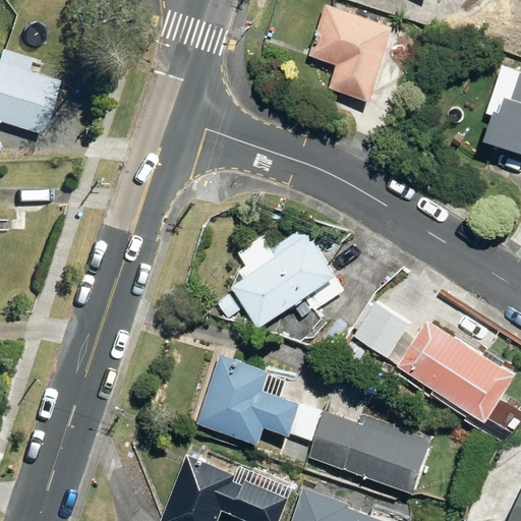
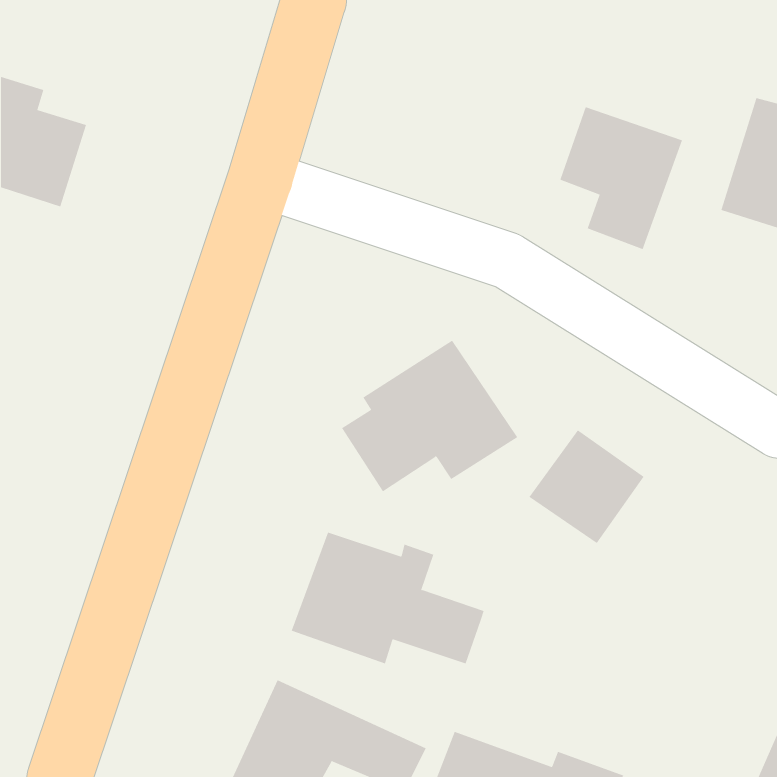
building: [308,6,391,102] -> [559,107,683,250]
building: [400,320,514,423] -> none
building: [306,415,432,497] -> none

